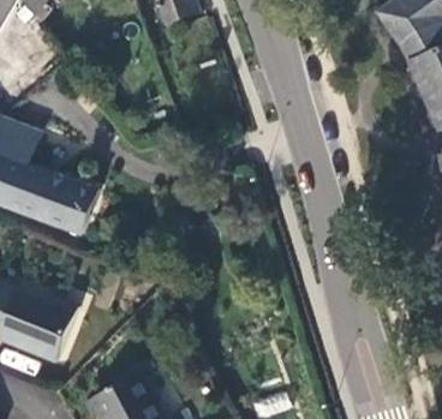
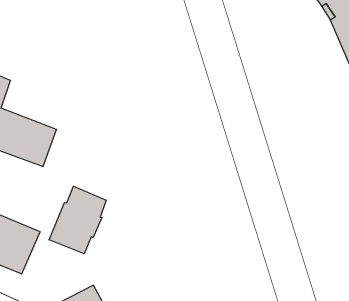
building: none -> [49,186,106,254]

